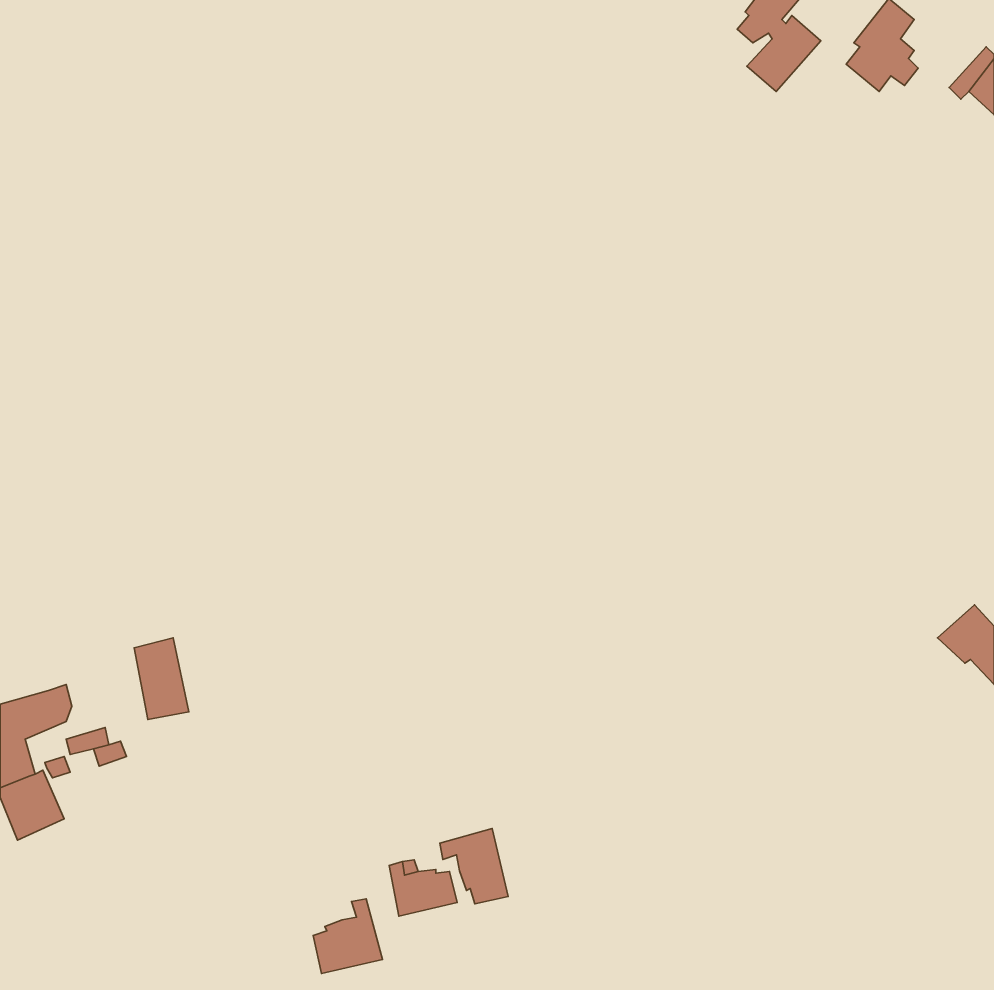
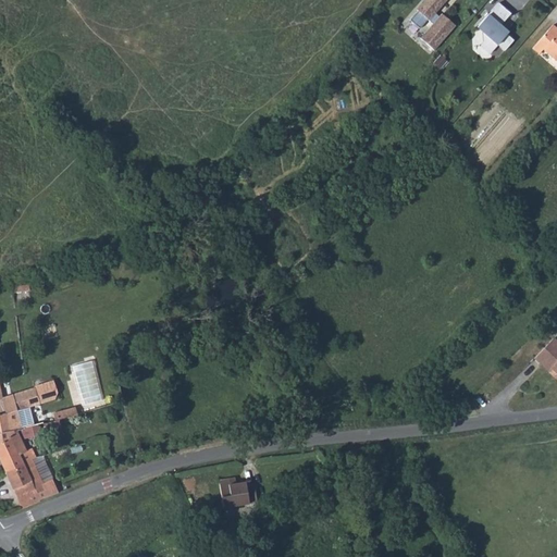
building: none -> [10,458,47,504]
building: [440,828,508,904] -> none
building: [313,899,382,974] -> none

